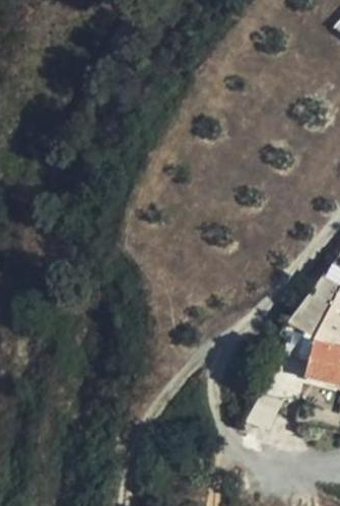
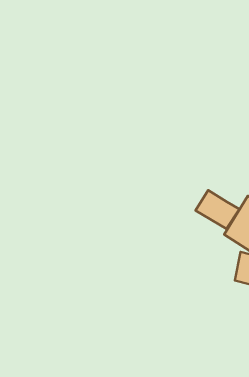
building: none -> [195,190,240,229]

